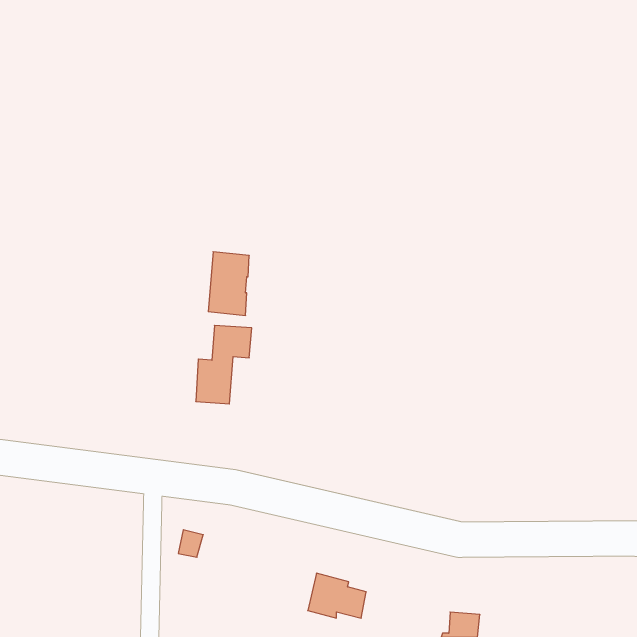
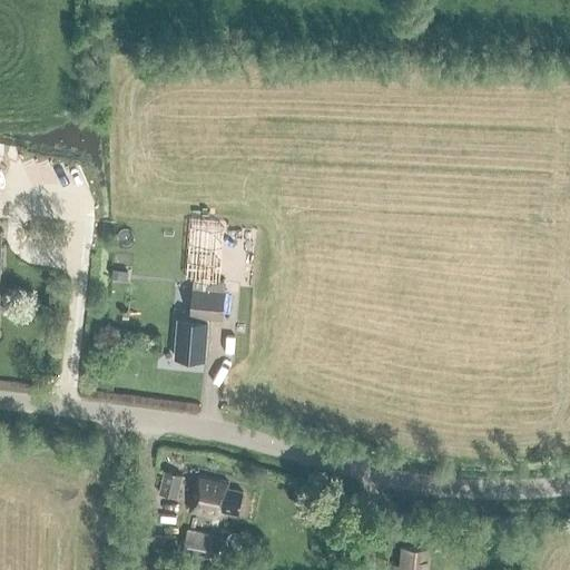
building: [308,573,366,618] -> [190,475,243,515]
building: none -> [181,531,219,559]

